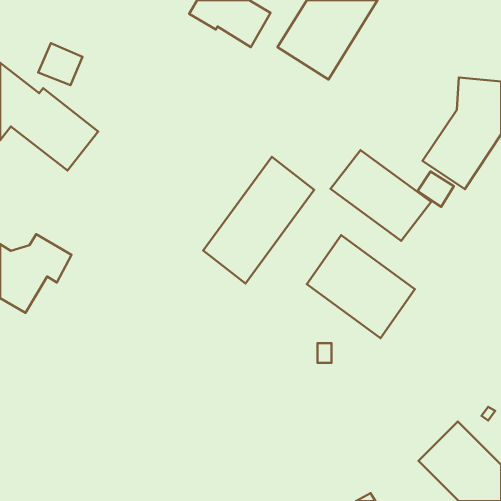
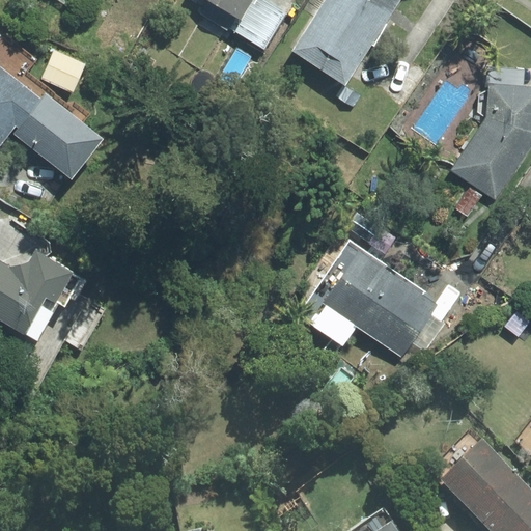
building: [331,150,431,241] -> none
building: [203,157,314,284] -> none

